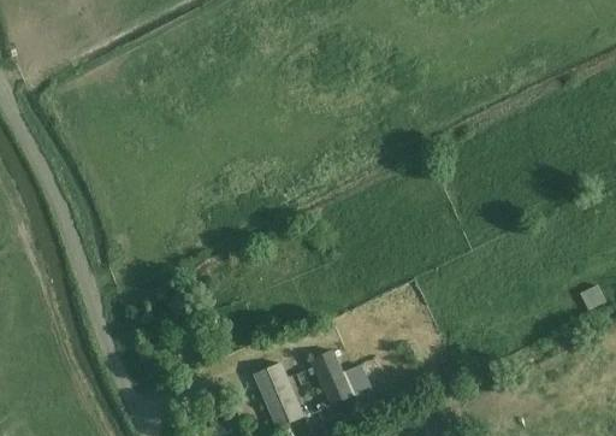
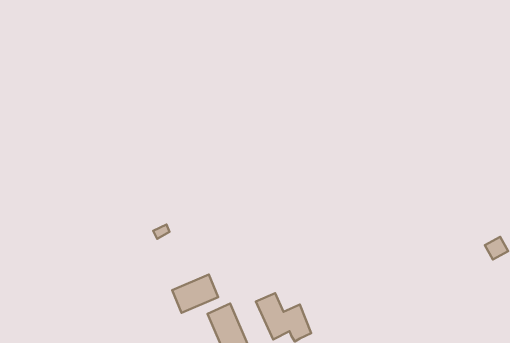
building: none -> [172,274,218,313]

